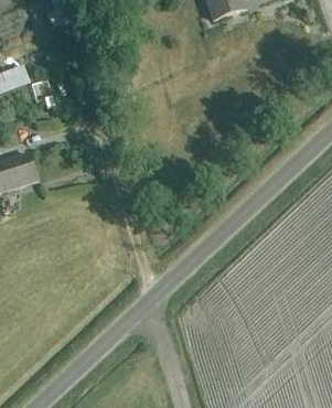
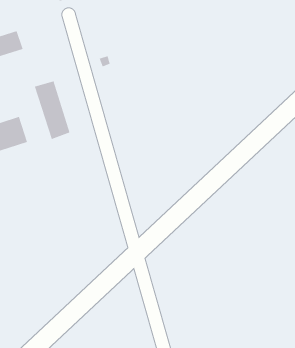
building: none -> [34,80,70,140]

